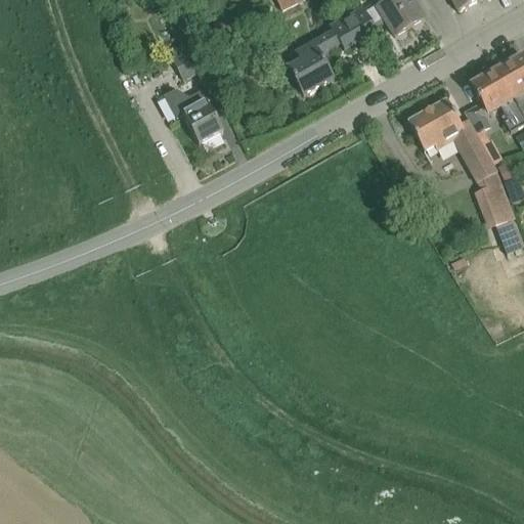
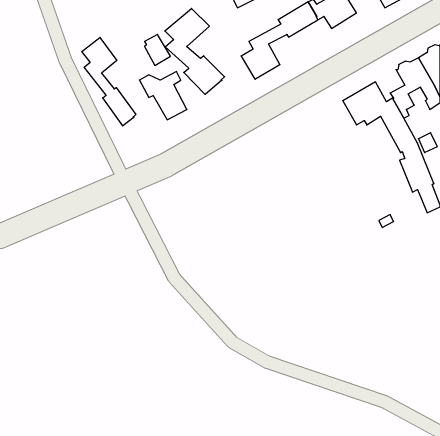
building: none -> [165,8,225,94]
building: none -> [82,37,136,126]

